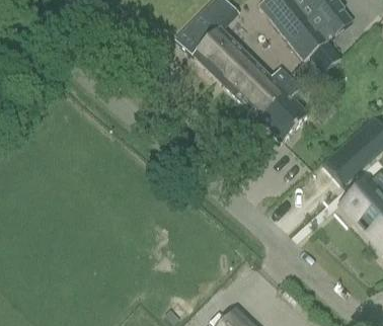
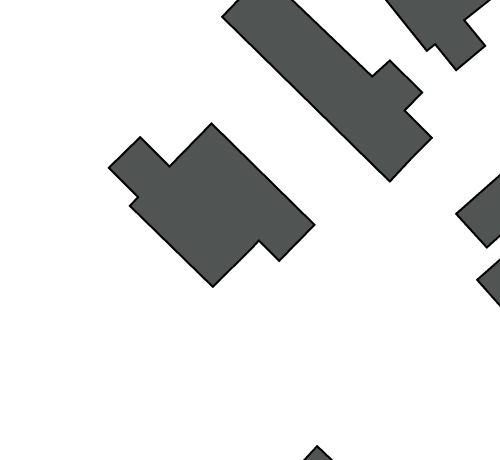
building: none -> [109,124,315,287]

